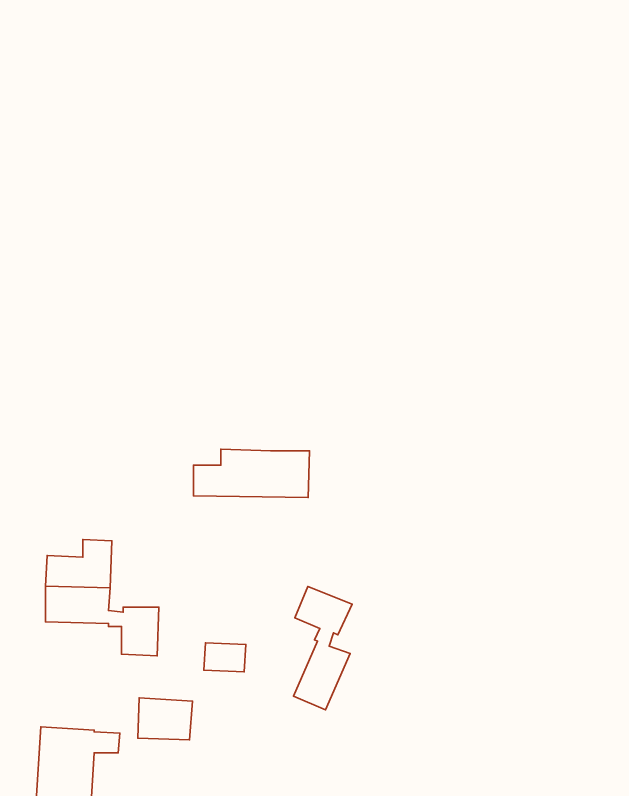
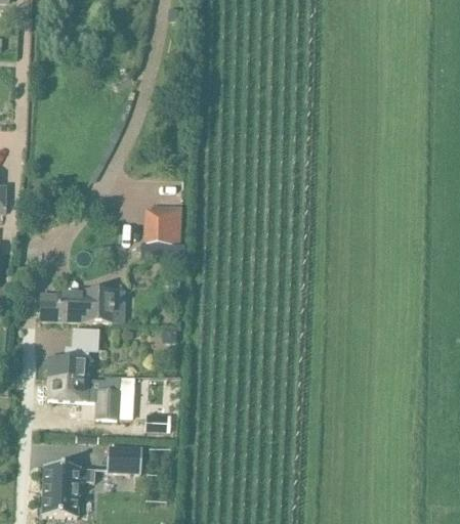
building: none -> [144,204,181,243]
building: [193,449,310,498] -> [41,289,115,319]
building: [294,587,352,710] -> none

